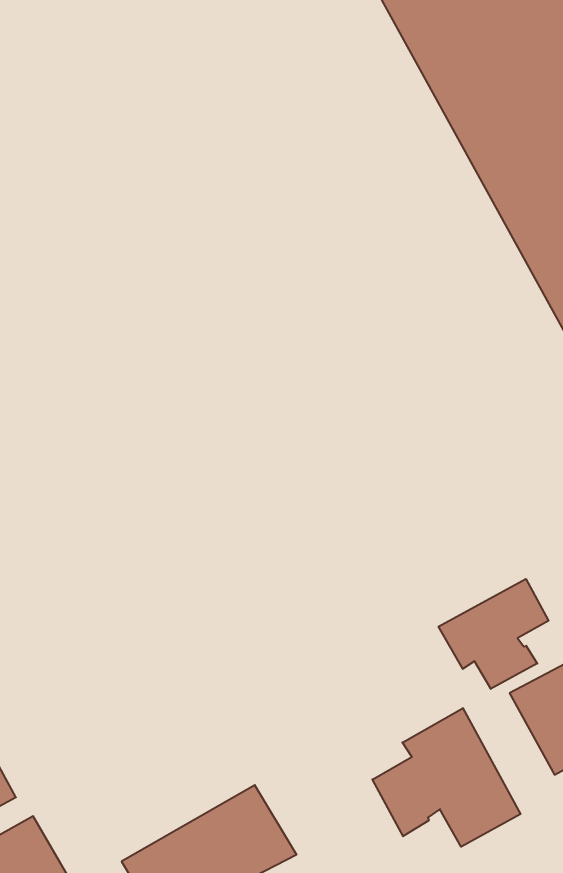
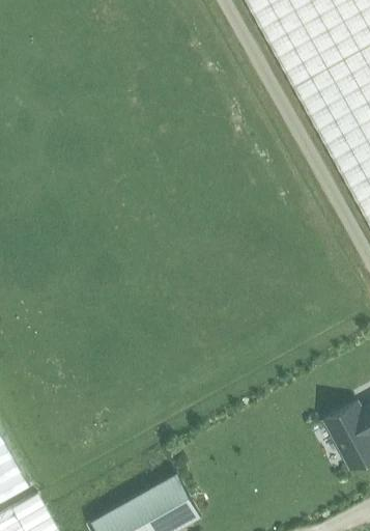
building: [439,579,549,689] -> none
building: [372,708,521,847] -> none

